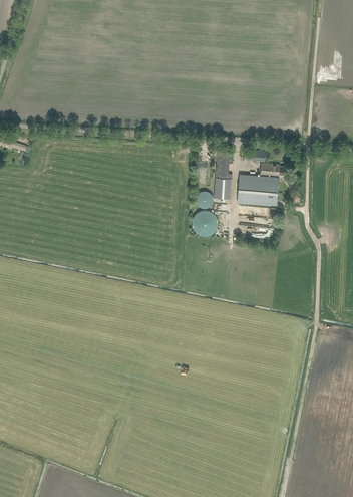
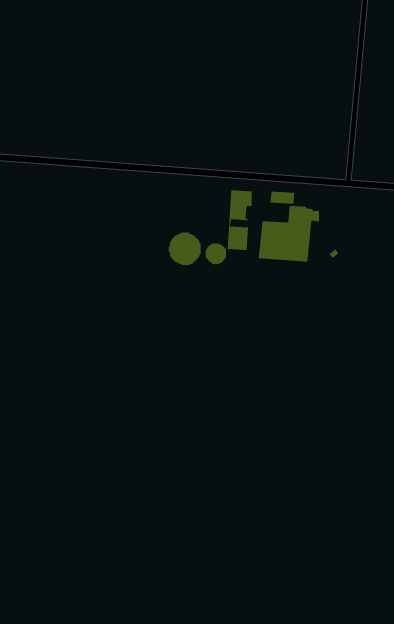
building: [192,210,218,236] -> [168,232,202,266]

